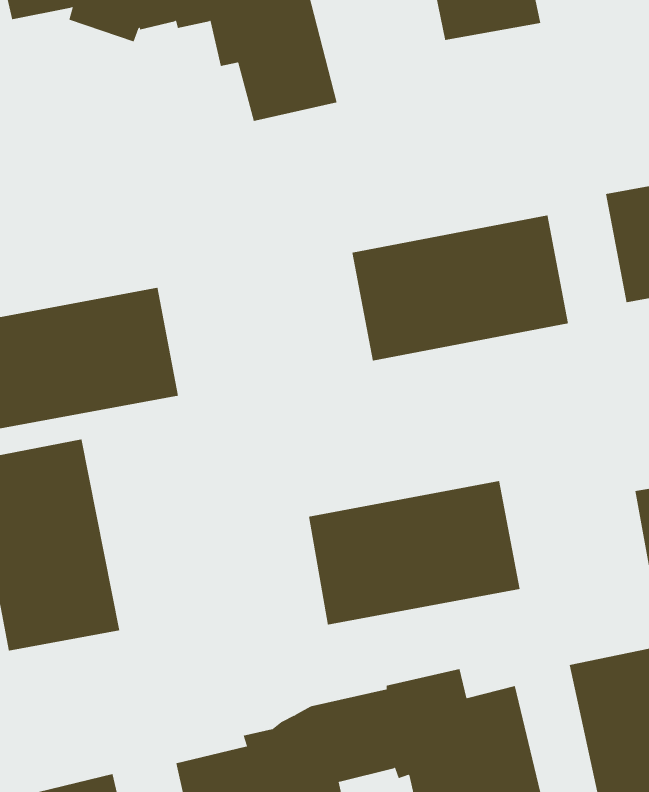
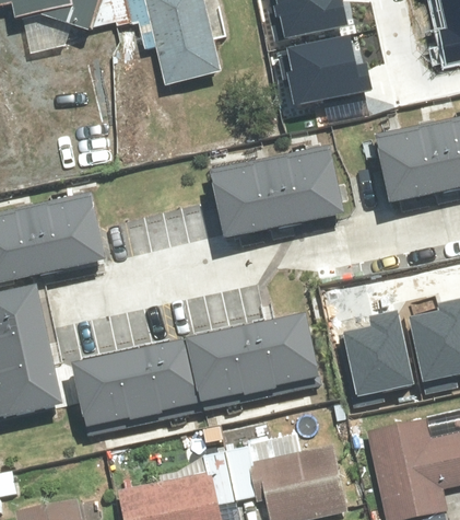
building: none -> [281,34,361,107]
building: none -> [342,320,406,391]
building: none -> [75,335,212,427]

